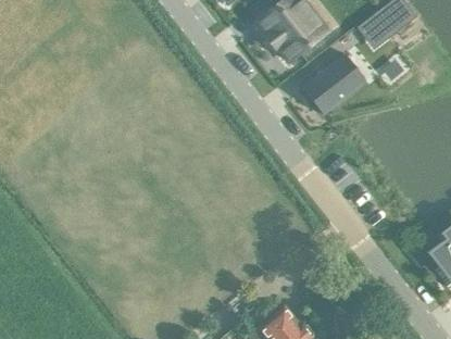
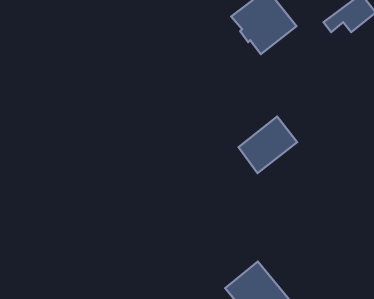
building: [301,53,365,115] -> [239,116,297,173]

